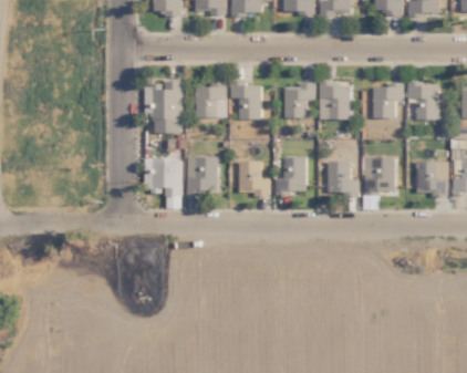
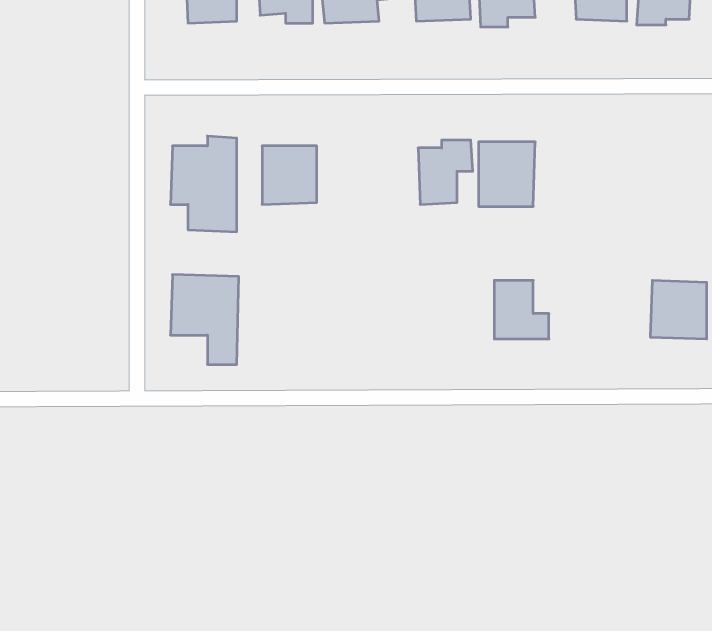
building: [230,81,261,118] -> none
building: [373,81,404,117] -> none
building: [408,81,439,120] -> none
building: [186,155,218,193] -> none
building: [364,155,396,193] -> none
building: [277,156,307,193] -> none
building: [238,160,270,196] -> none

